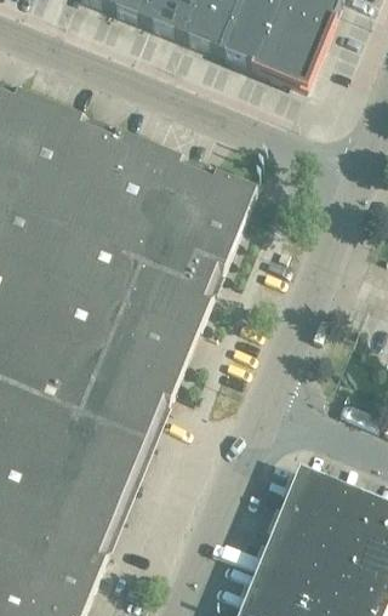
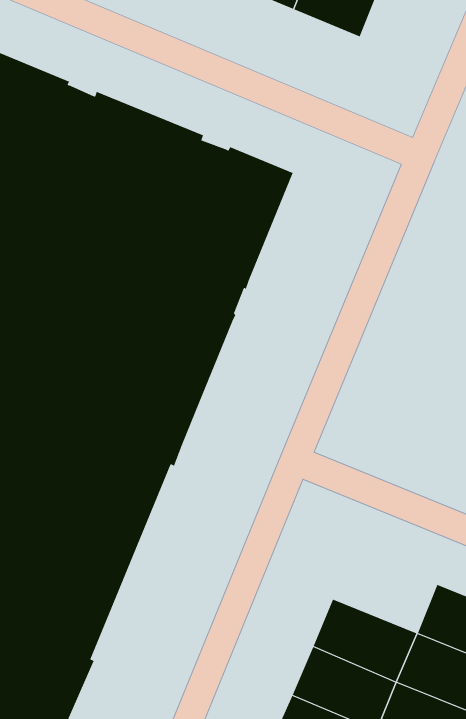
building: [284,468,361,530] -> none

